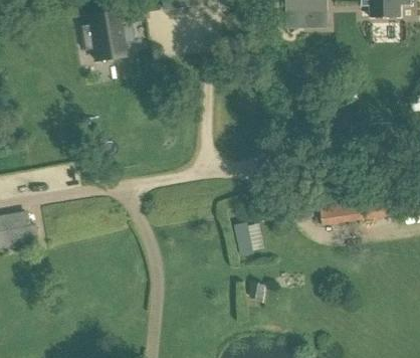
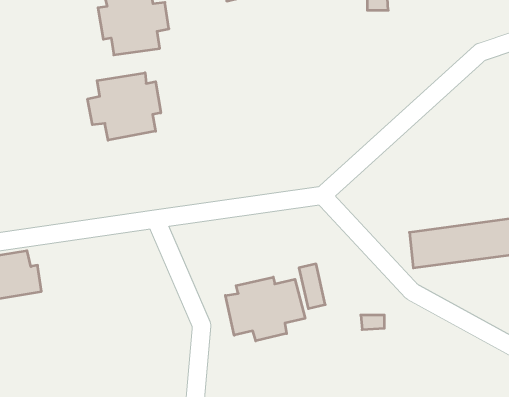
building: none -> [88,73,161,140]
building: none -> [225,277,305,341]

